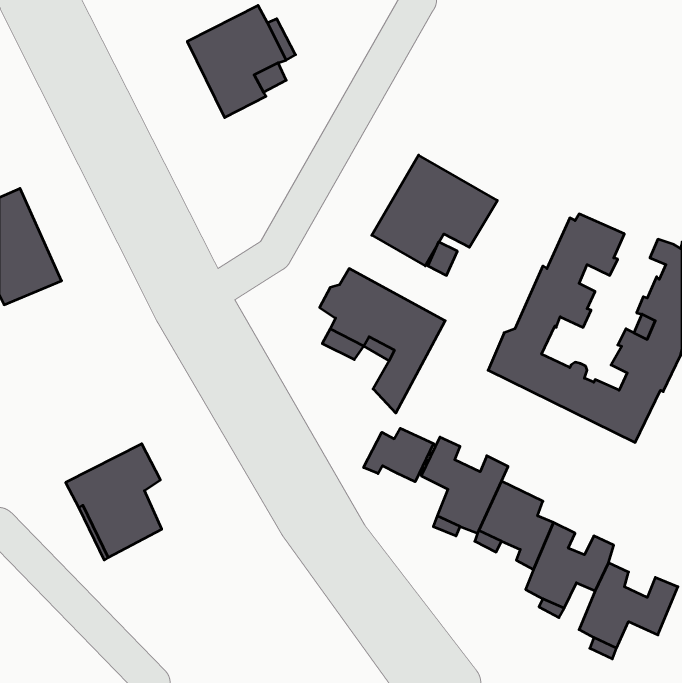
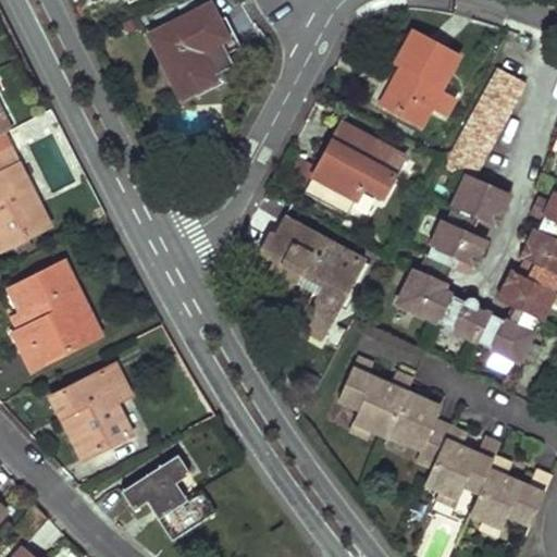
building: none -> [379,30,457,124]
building: none -> [443,69,520,180]
building: none -> [11,262,97,367]
building: [364,428,434,482] -> none
building: none -> [123,454,215,539]

